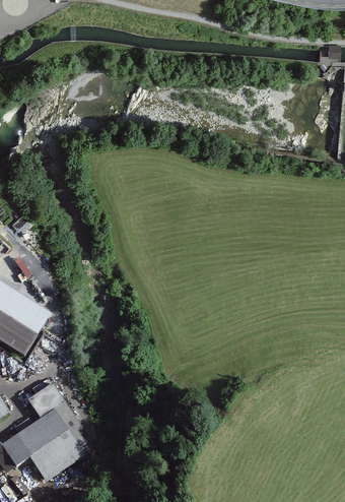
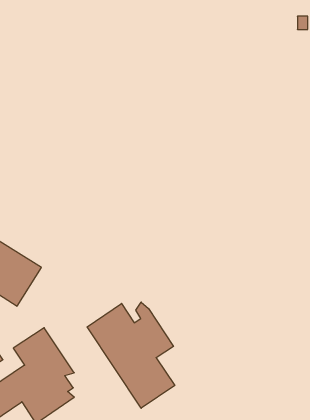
building: none -> [87,302,175,408]

